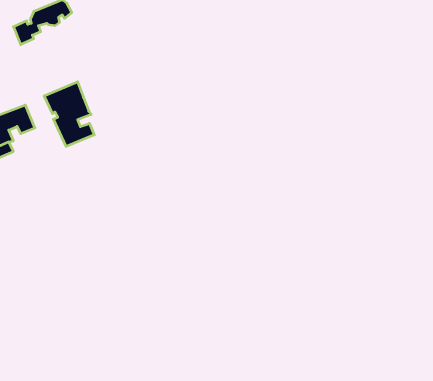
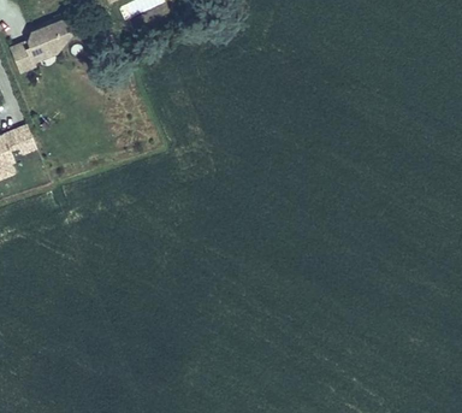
building: [44,82,94,146] -> none

